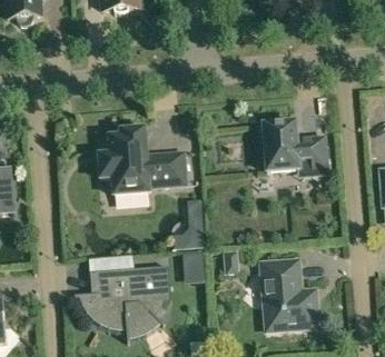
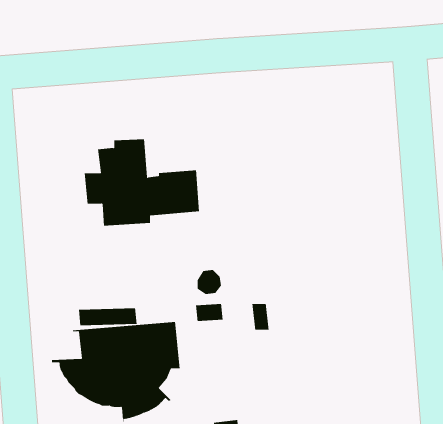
building: [259,119,327,172] -> none
building: [261,260,318,330] -> none

